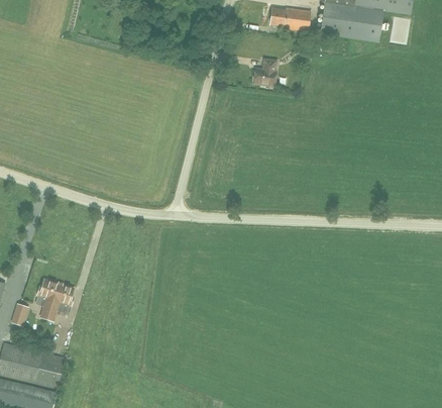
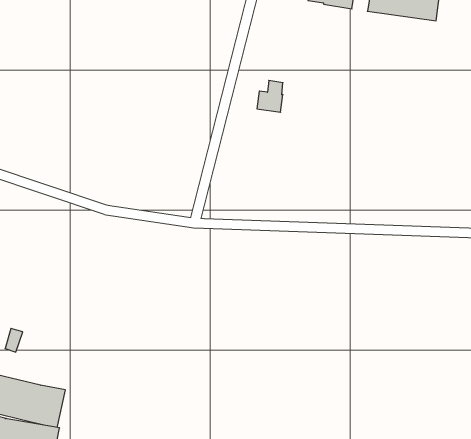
building: [253,59,275,86] -> [257,80,283,112]
building: [36,279,73,320] -> none

